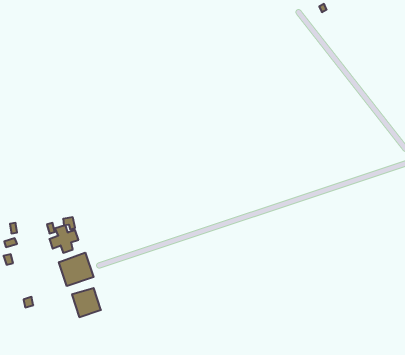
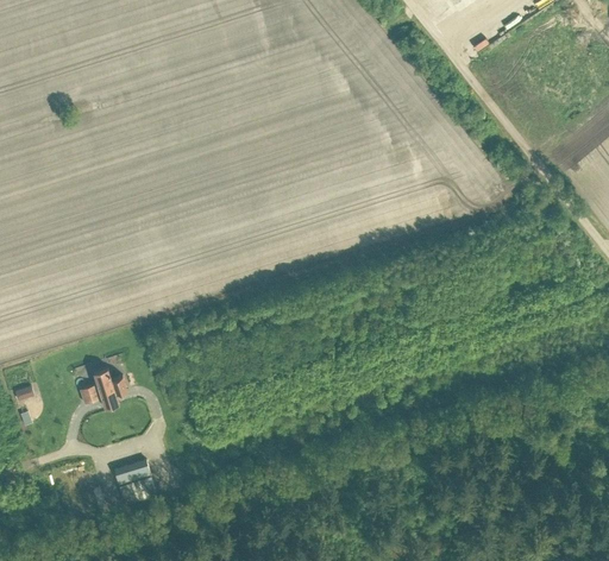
building: [59,253,94,286] -> none

